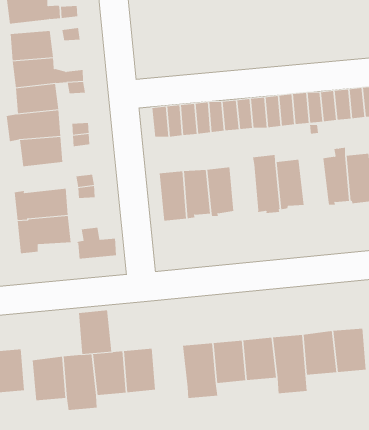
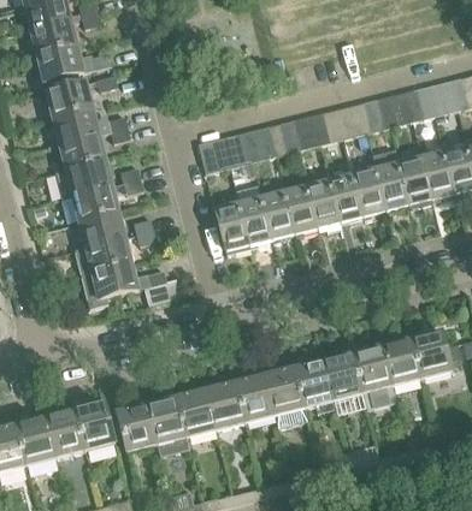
building: none -> [353,161,388,219]
building: none -> [79,210,126,246]
building: none -> [285,184,319,236]
building: [78,310,112,354] -> [236,374,276,422]

